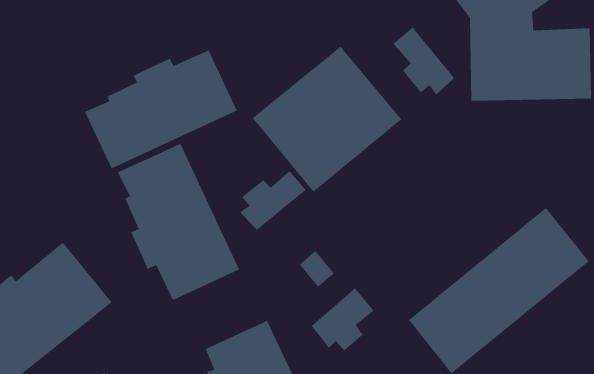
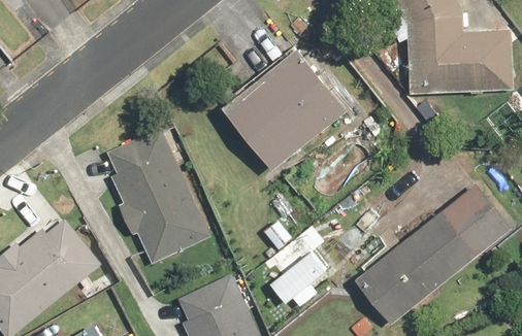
building: [393,27,455,95] -> none
building: [84,49,237,169] -> none
building: [240,170,306,231] -> none

